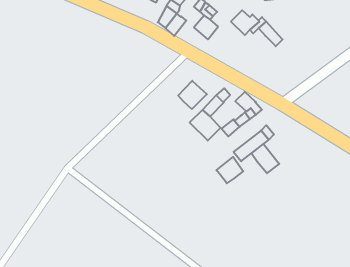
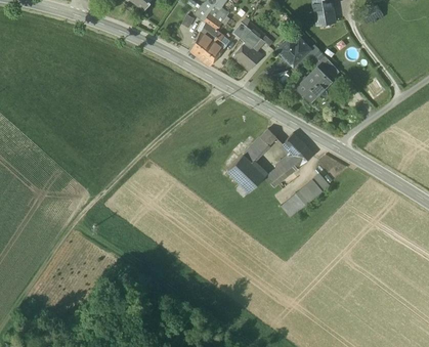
building: none -> [297,67,331,100]
building: [178,81,207,109] -> none
building: [251,144,279,173] -> none
building: [216,157,243,183] -> none

